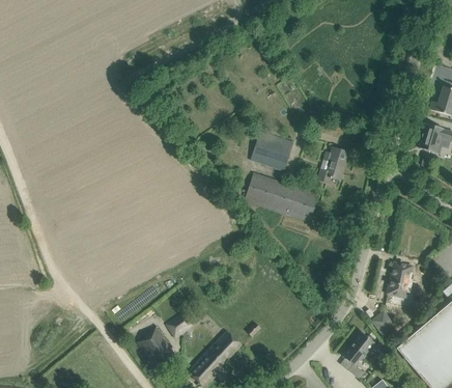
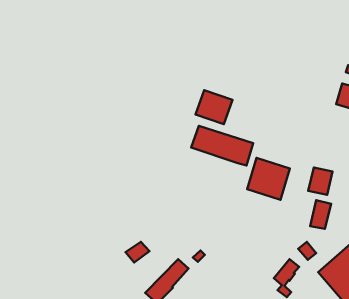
building: [318,147,349,183] -> none
building: none -> [247,158,290,200]
building: none -> [308,167,333,195]
building: [138,329,178,370] -> none

